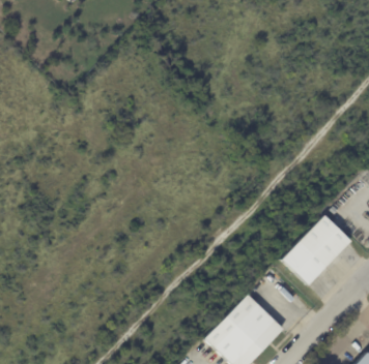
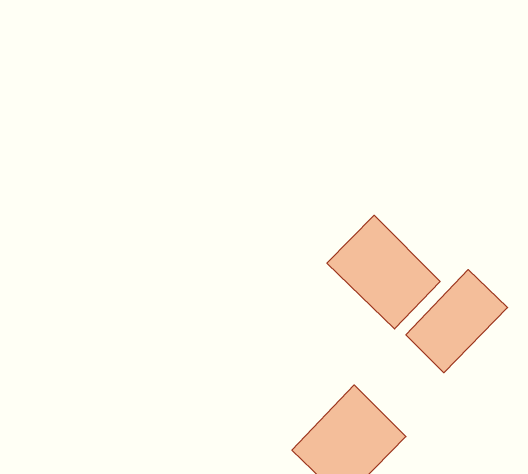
building: none -> [327,215,440,329]

